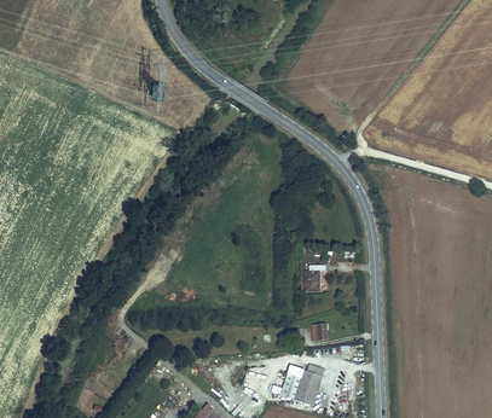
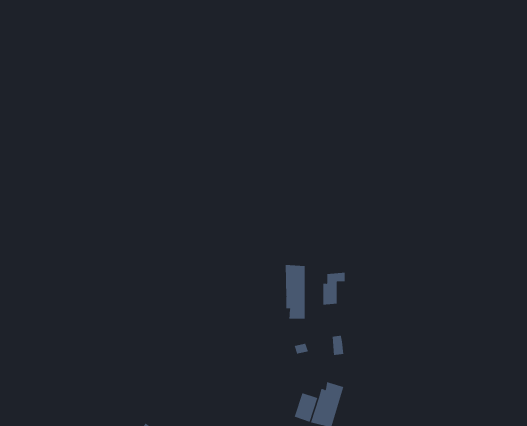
building: none -> [285,264,305,320]

